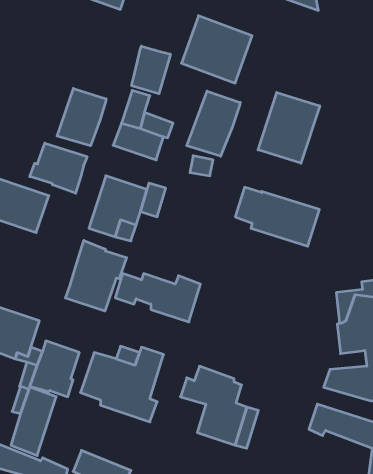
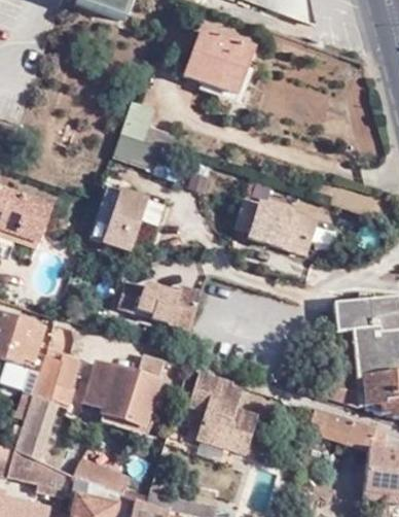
building: [132,46,170,94] -> none
building: [57,88,106,146] -> none
building: [187,91,240,156] -> none
building: [258,92,320,163] -> none
building: [30,143,87,193] -> none
building: [65,240,127,311] -> none

